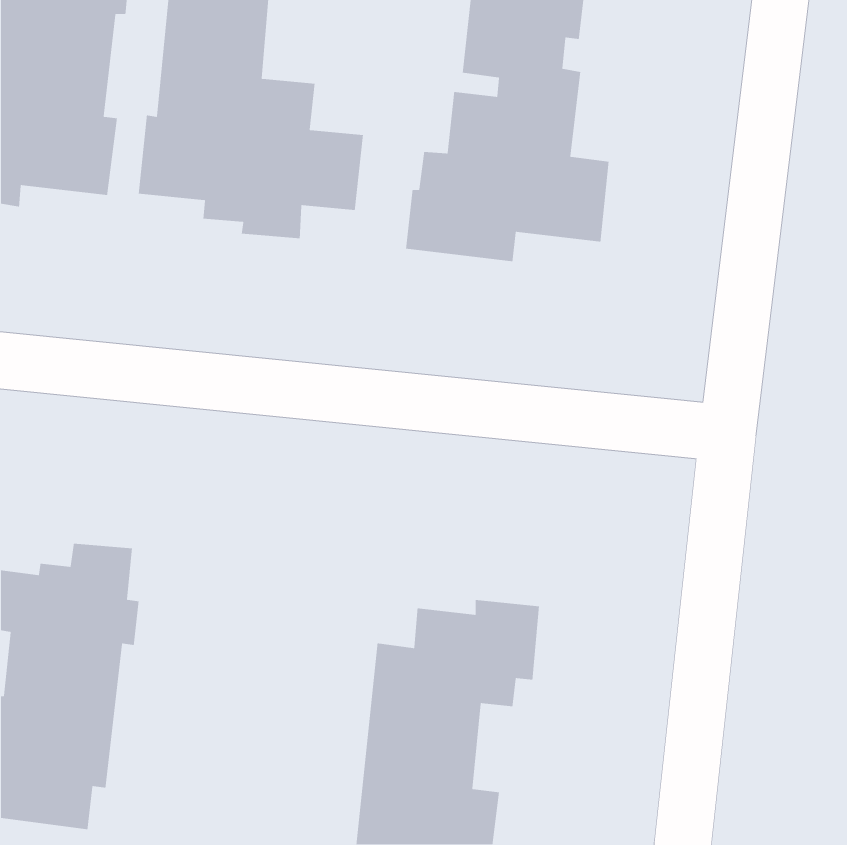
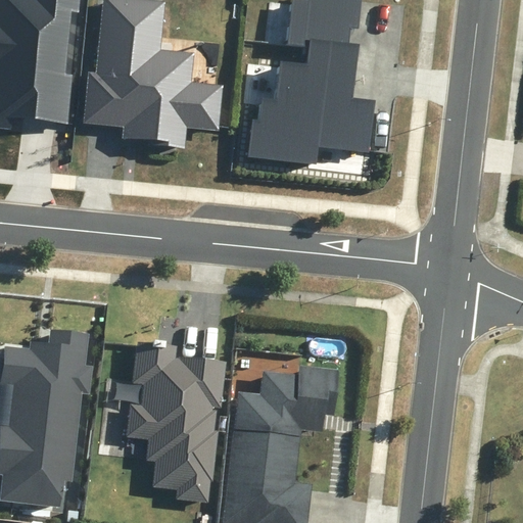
building: none -> [123,346,220,506]

